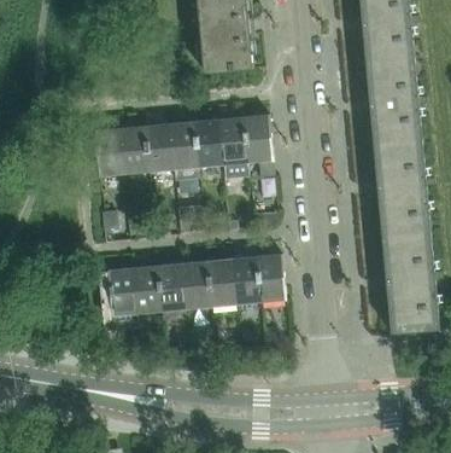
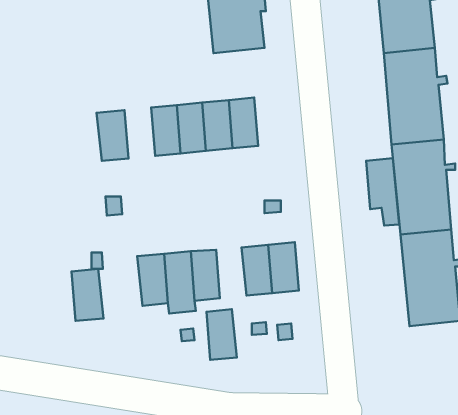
building: [244,114,275,178] -> [366,158,399,226]
building: [121,126,150,174] -> none
building: [207,259,236,307] -> [206,309,237,360]
building: [107,267,137,316] -> [72,269,103,321]

